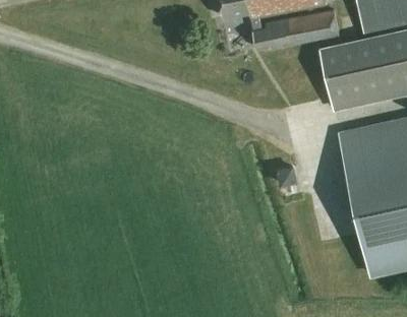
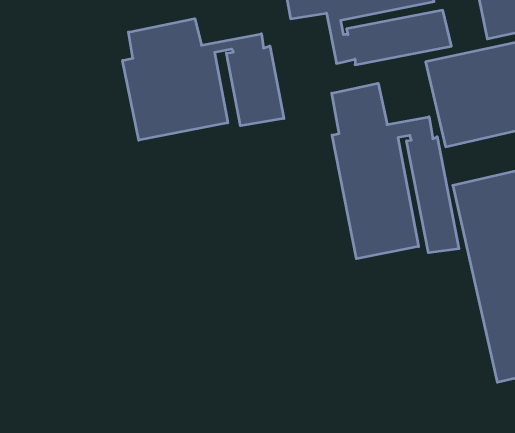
building: none -> [123,19,284,140]
building: none -> [332,83,459,259]

